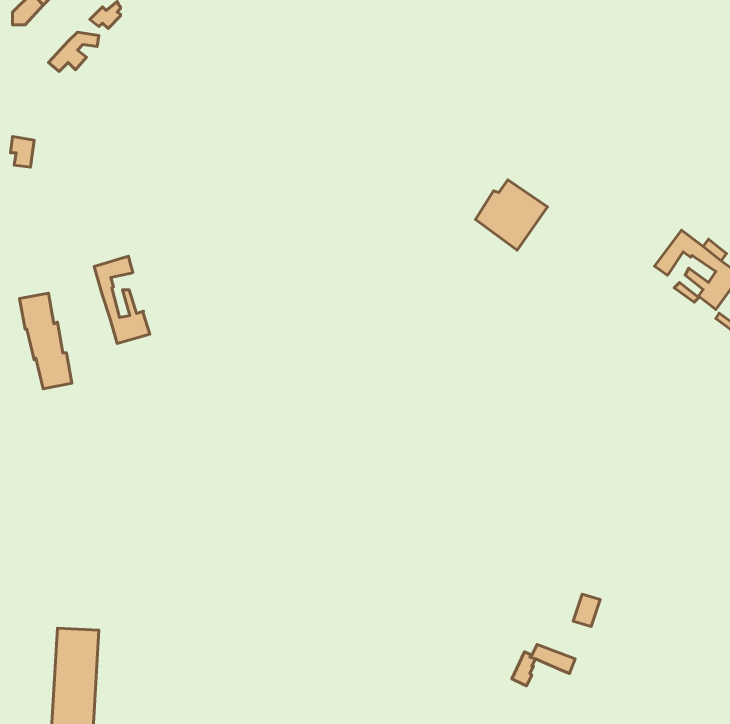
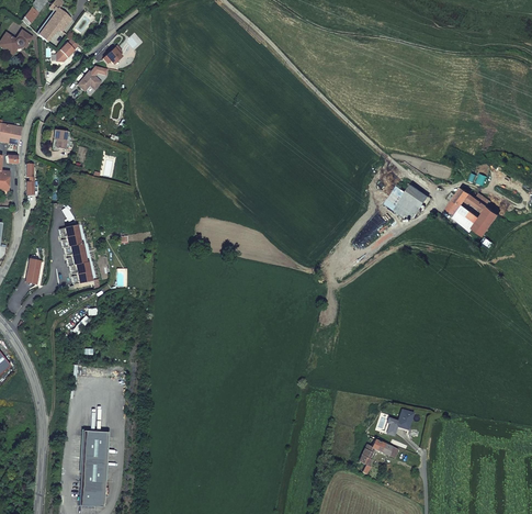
building: [476,180,548,250] -> [386,180,430,223]
building: [94,256,150,343] -> none

